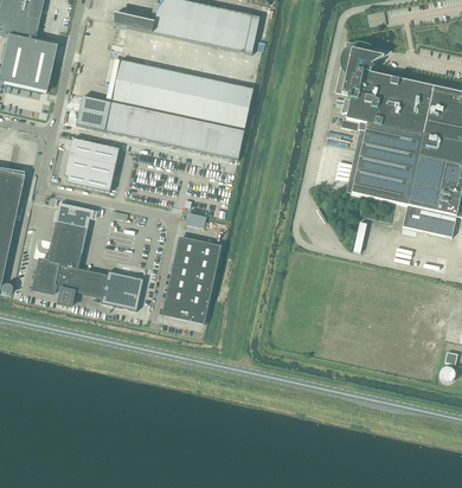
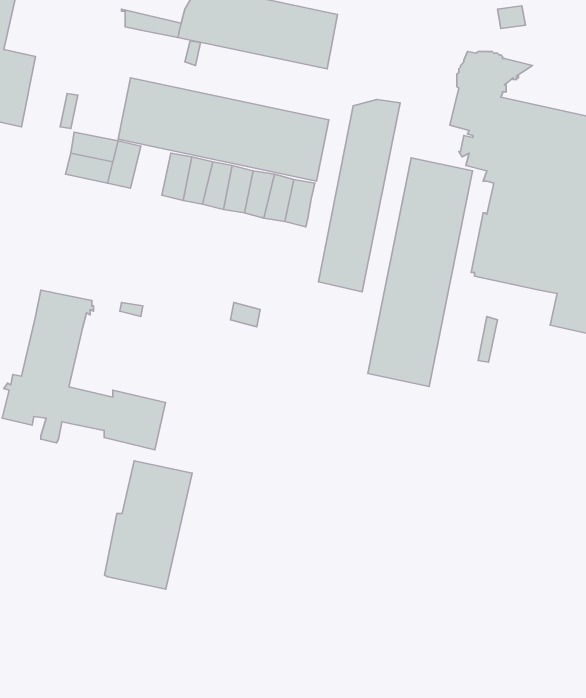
building: none -> [318,100,400,292]
building: [120,104,147,137] -> none
building: none -> [368,158,472,387]
building: [64,137,120,191] -> none
building: [162,236,222,322] -> [104,461,192,589]

